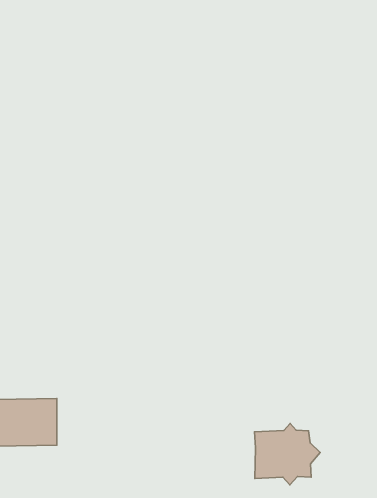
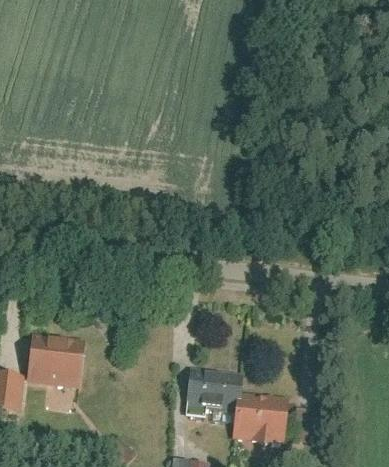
building: none -> [185,369,243,415]

